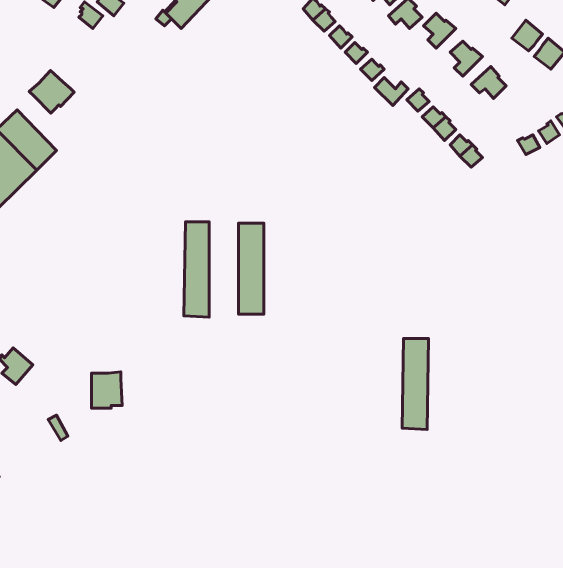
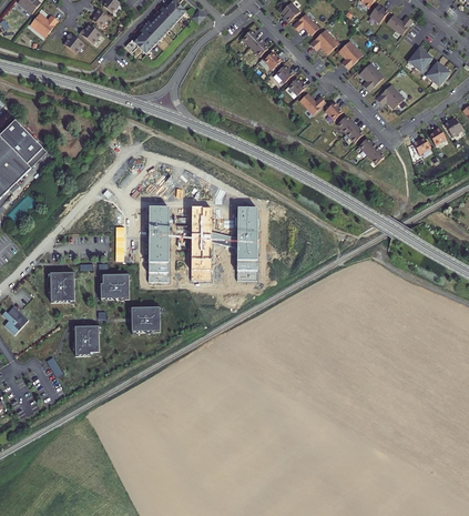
building: [29,71,74,113] -> none
building: none -> [50,272,74,301]
building: none -> [101,274,130,299]
building: [402,339,429,430] -> [237,208,258,280]
building: none -> [132,306,161,331]

